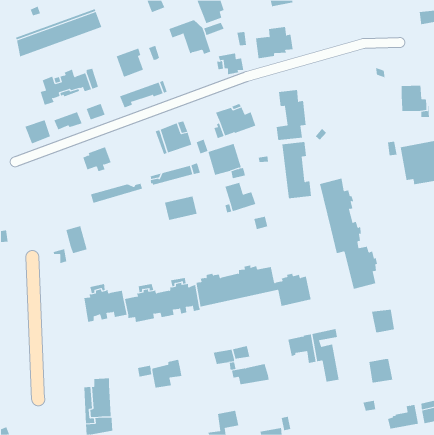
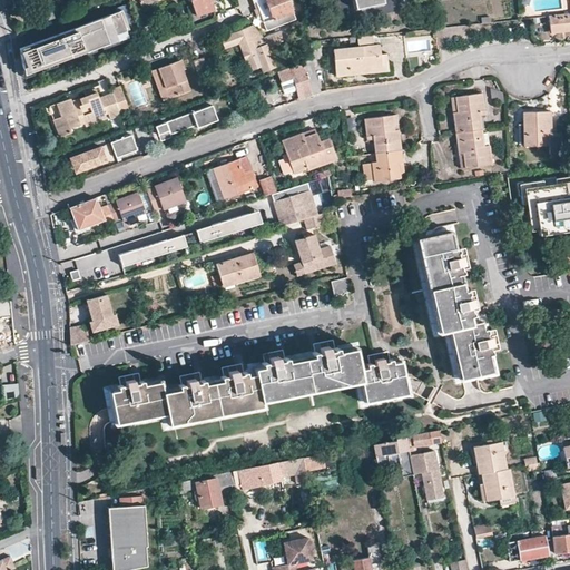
building: [25,120,51,144] -> [71,198,106,230]
building: none -> [148,178,187,214]
building: [281,142,312,199] -> [452,95,492,169]
building: [371,309,395,333] -> [475,442,507,473]
building: [231,364,270,385] -> [235,461,285,489]

